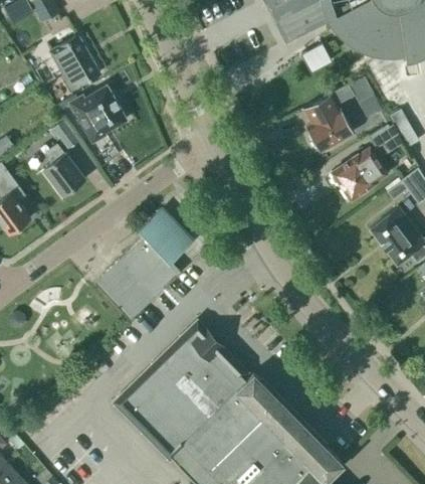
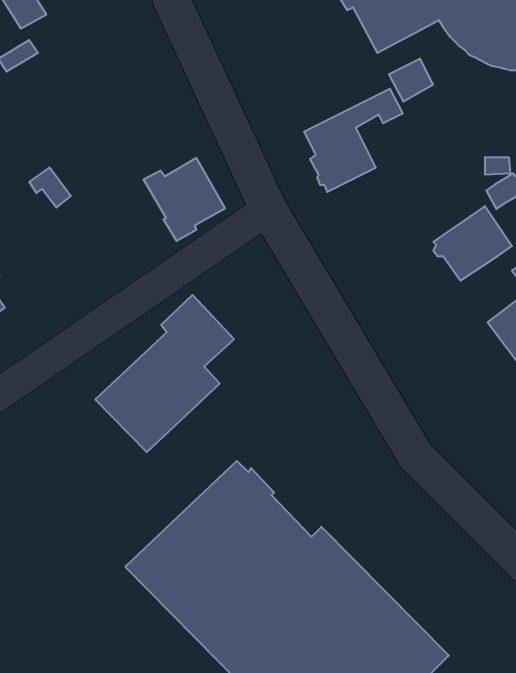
building: [50,35,100,90] -> none
building: [303,78,373,151] -> [304,89,403,192]
building: [69,85,127,143] -> [143,158,225,241]
building: [43,144,84,195] -> none

